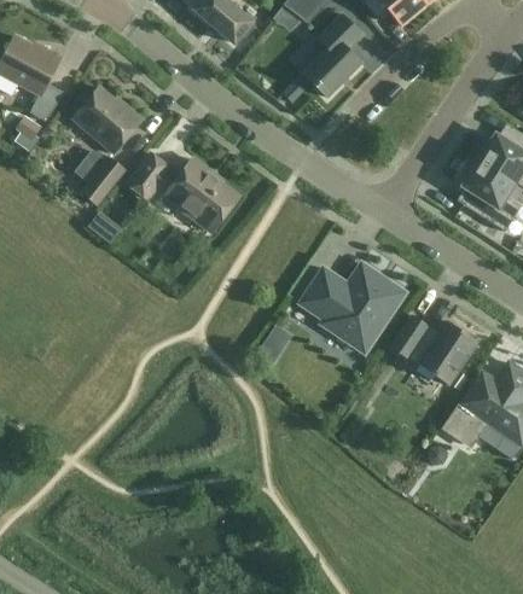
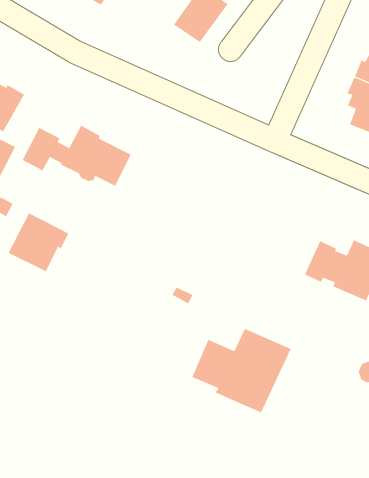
building: none -> [8,212,69,272]
building: [300,263,405,351] -> [192,328,292,413]

